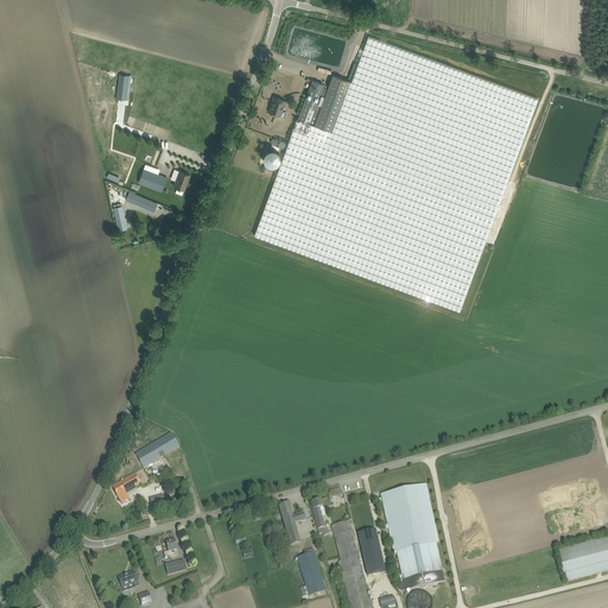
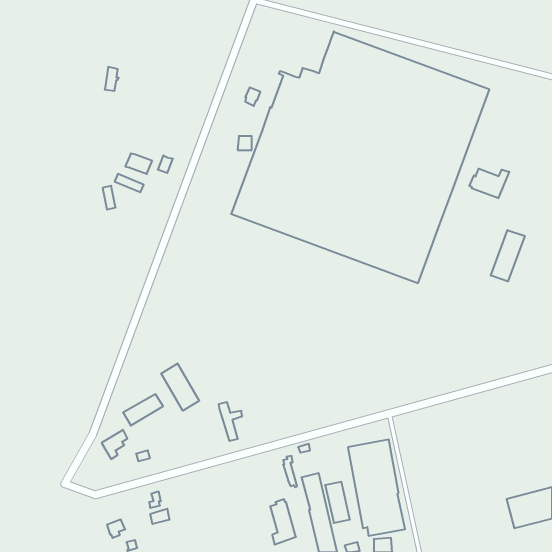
building: none -> [469,169,509,198]
building: none -> [491,230,525,281]
building: none -> [161,363,199,411]
building: [279,504,305,546] -> [219,402,242,441]

